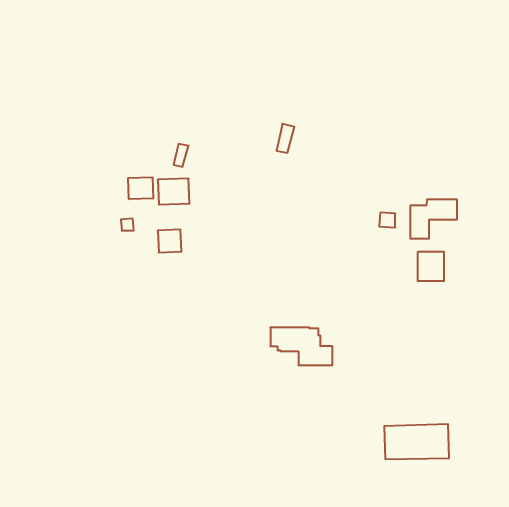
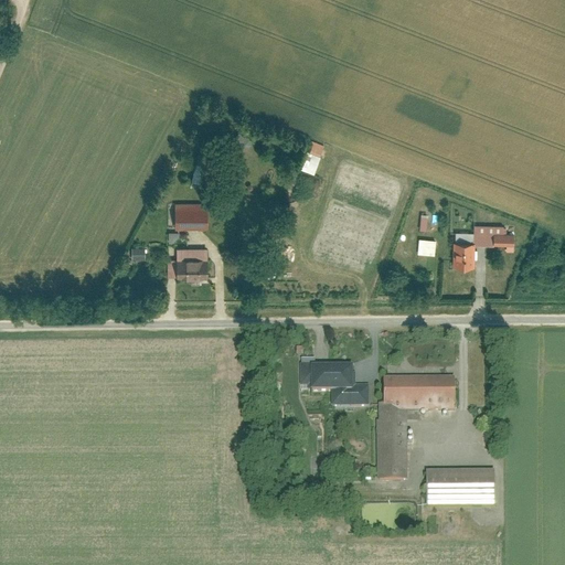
building: [128,177,153,199] -> none
building: [418,252,444,281] -> none
building: none -> [377,375,454,479]

